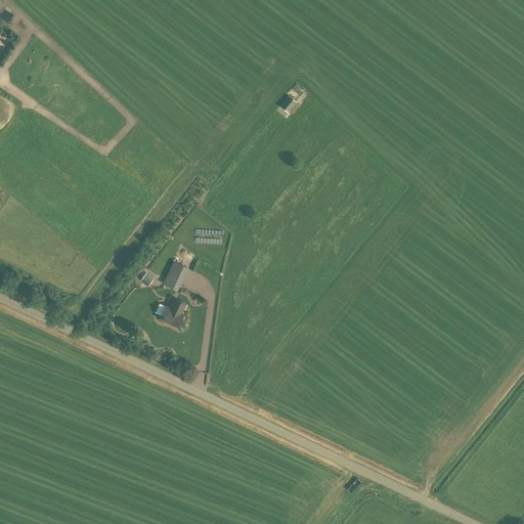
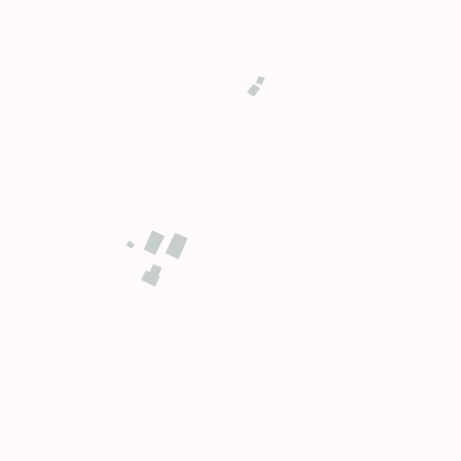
building: none -> [164,232,188,260]

